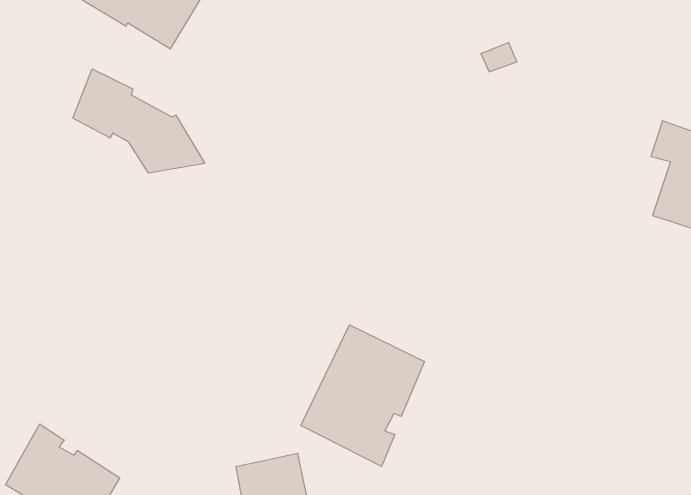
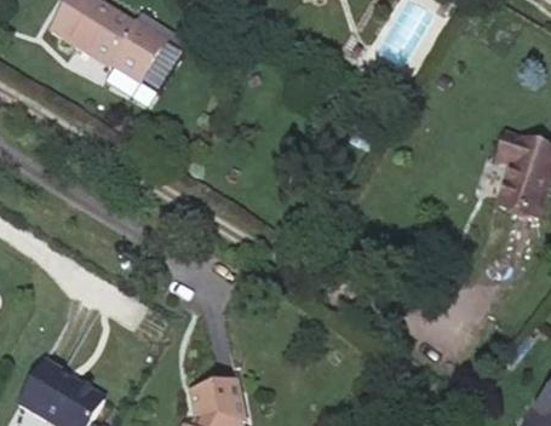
building: [73,69,205,173] -> none
building: [301,325,424,466] -> none

